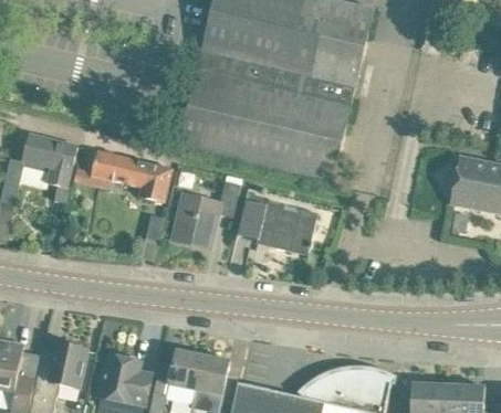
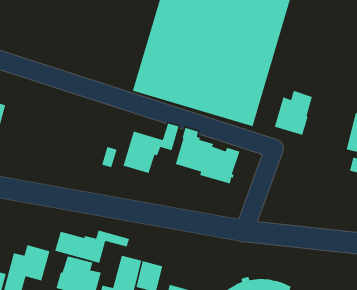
building: none -> [274,90,313,136]
building: [21,134,77,203] -> none
building: [91,150,171,201] -> none
building: none -> [54,228,130,264]

